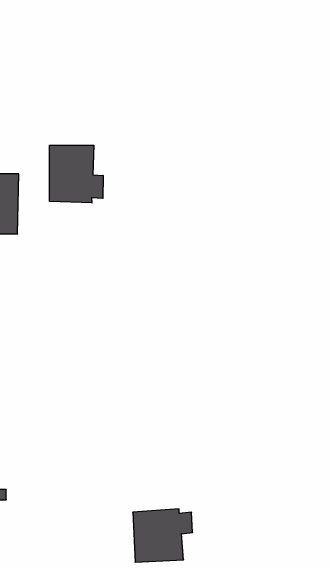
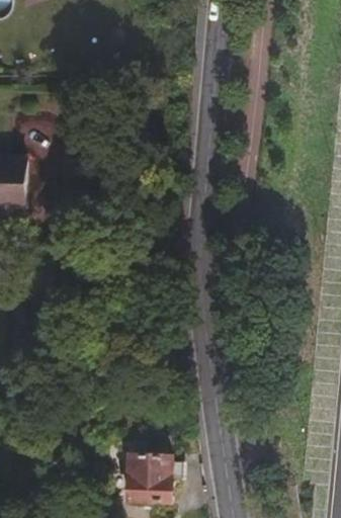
building: [50,145,103,203] -> none

